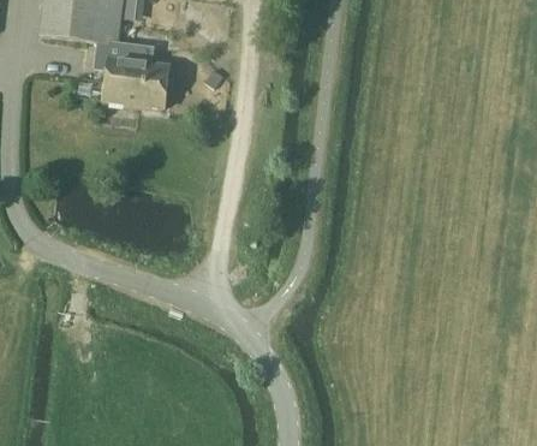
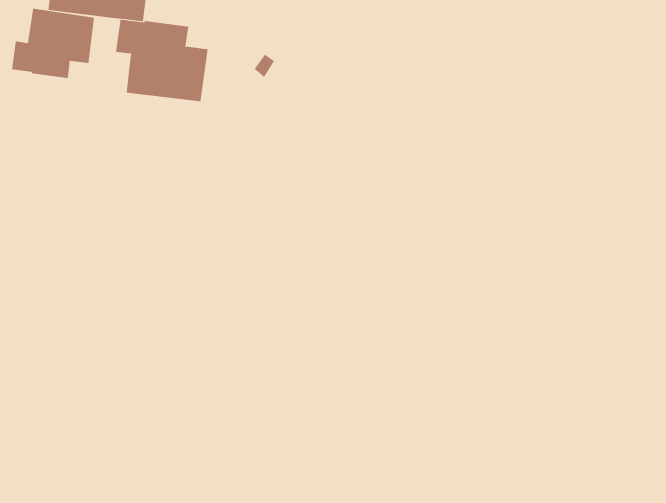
building: none -> [12,8,95,79]

